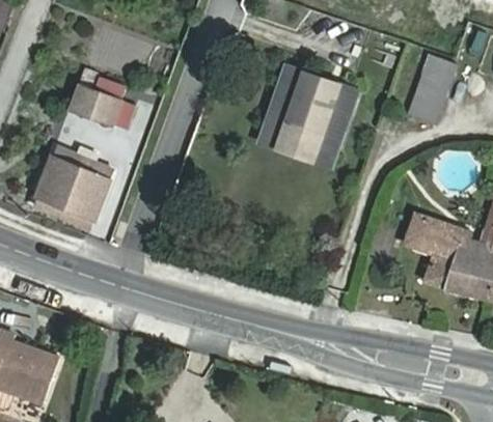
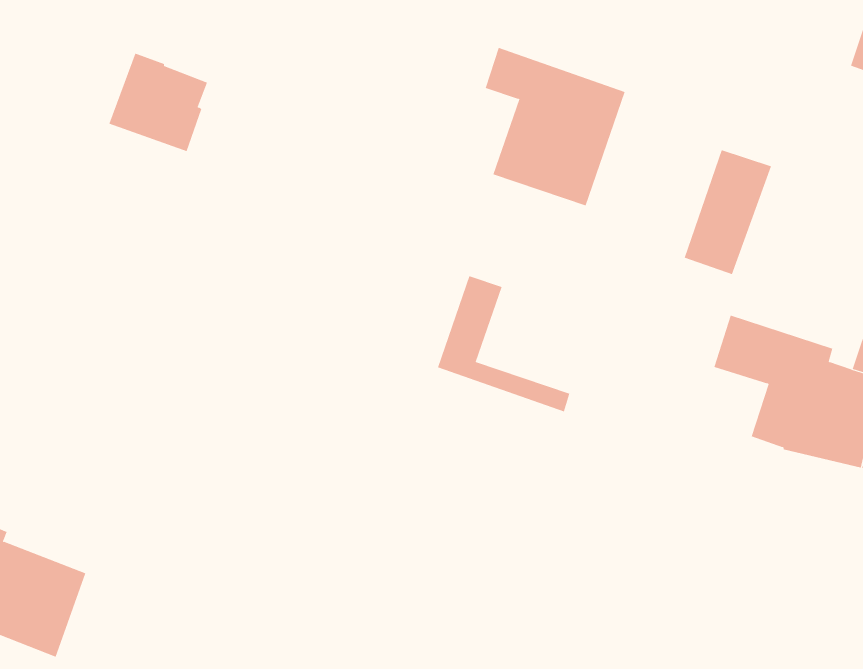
building: [408,55,457,124] -> [684,149,772,275]
building: [261,89,334,165] -> [437,276,570,412]
building: [36,146,114,220] -> none

